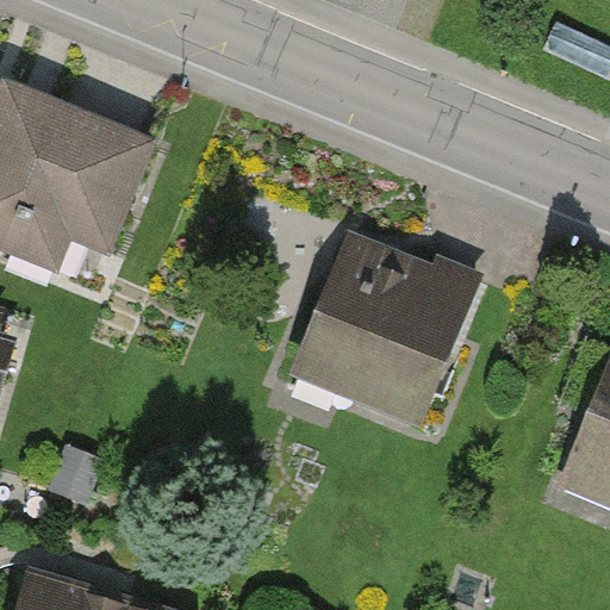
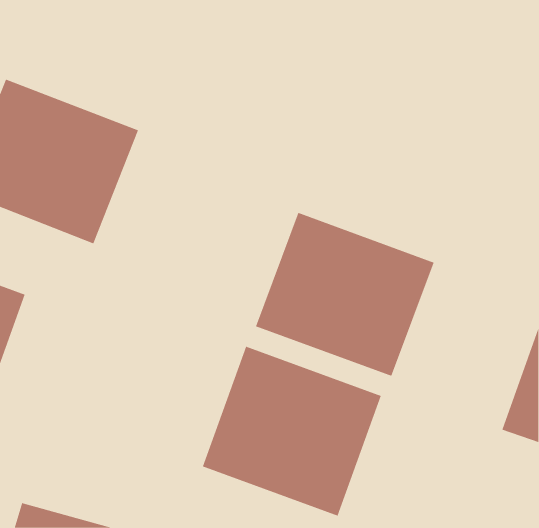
building: none -> [202,346,381,517]

